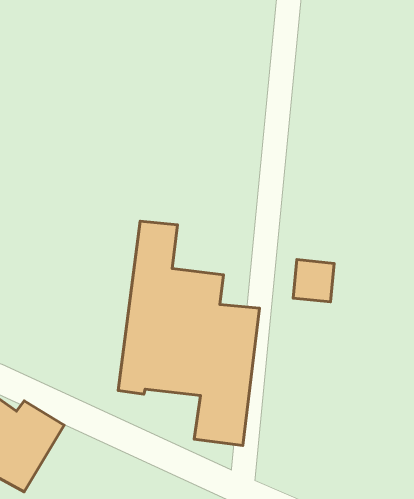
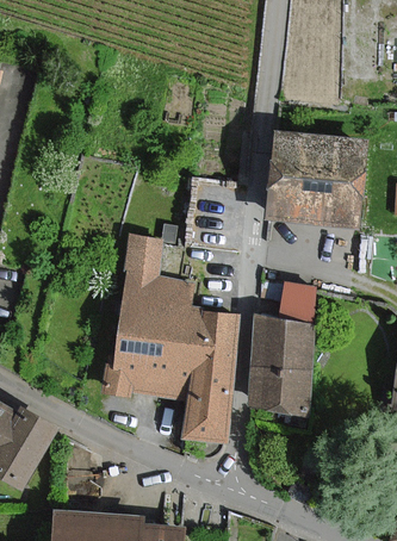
building: none -> [267,131,367,225]
building: none -> [250,312,312,415]

